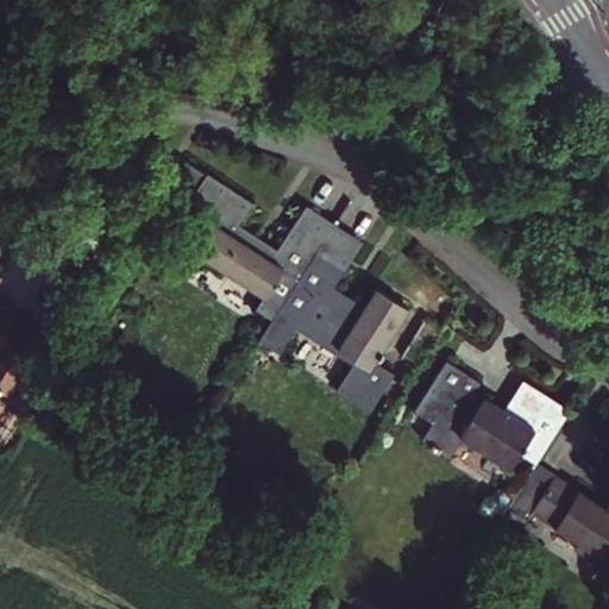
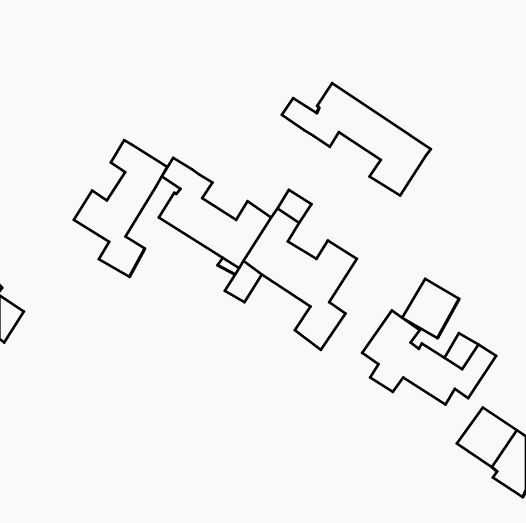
building: none -> [282,83,431,195]
building: none -> [74,140,167,277]
building: [285,206,333,256] -> none
building: none -> [402,279,459,338]

